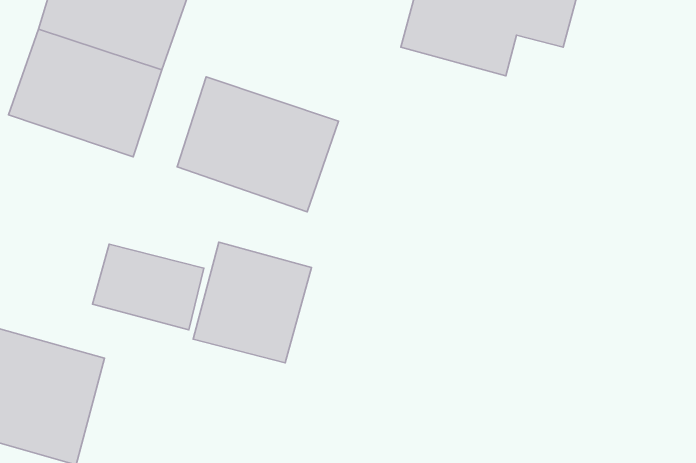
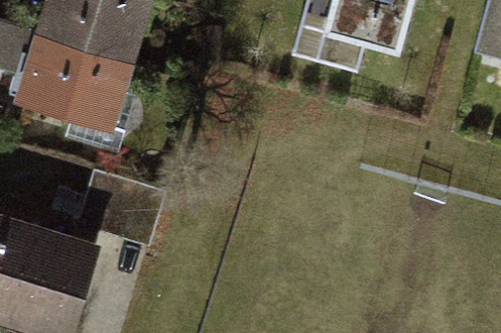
building: [177,77,339,212] -> none
building: [193,242,312,363] -> none

